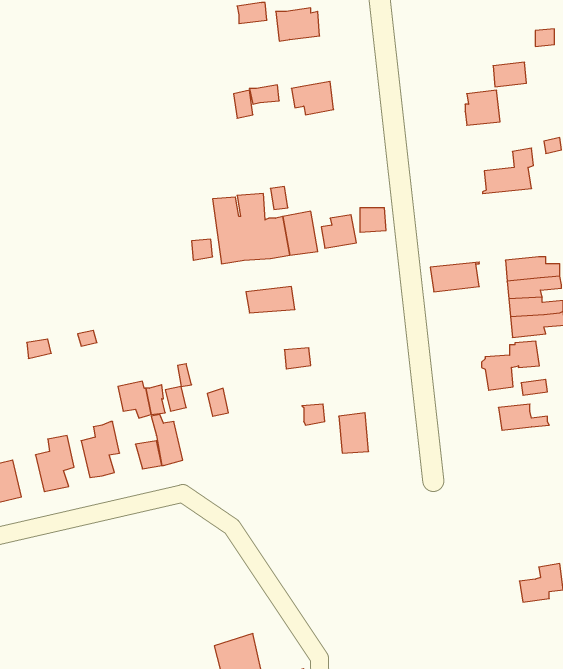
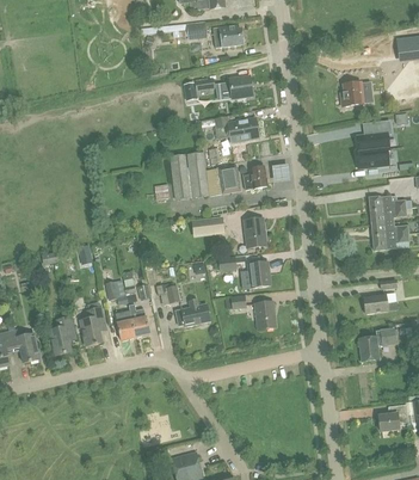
building: none -> [214,116,258,141]
building: [430,262,479,292] -> [353,148,387,168]
building: none -> [244,217,266,247]
building: [482,341,539,390] -> [357,327,396,361]
building: none -> [241,261,271,288]
building: none -> [175,297,210,326]

